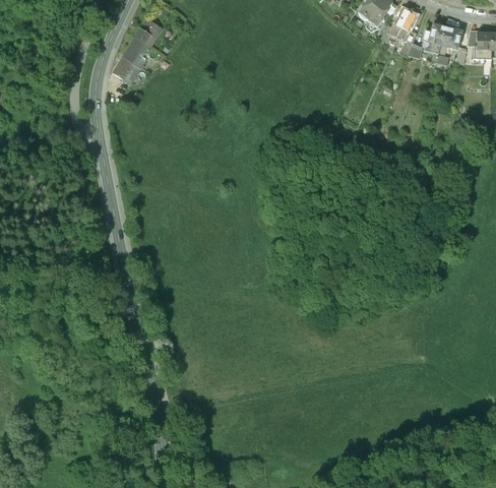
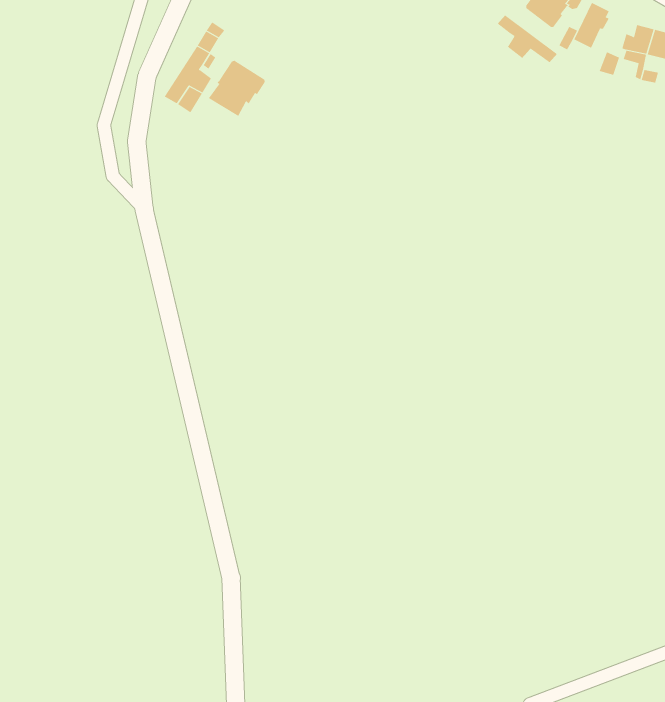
building: none -> [497,14,558,63]
building: none -> [209,60,266,117]

